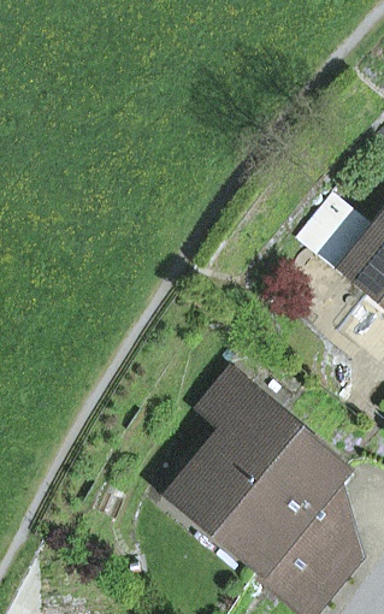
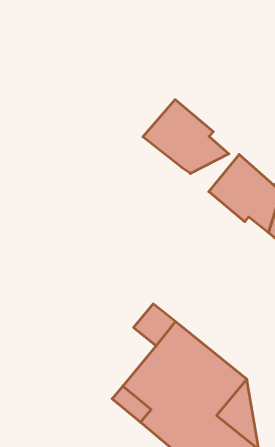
building: none -> [143,100,229,174]

